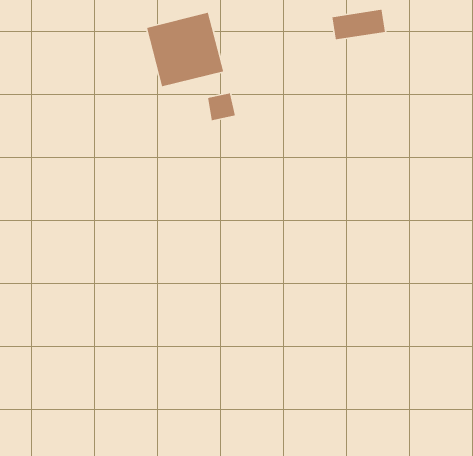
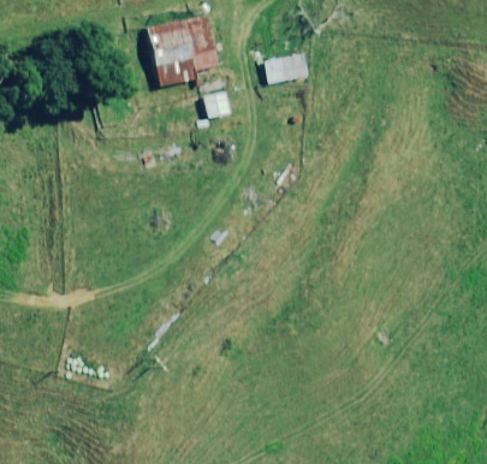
building: [331,9,386,40] -> [261,53,311,82]

